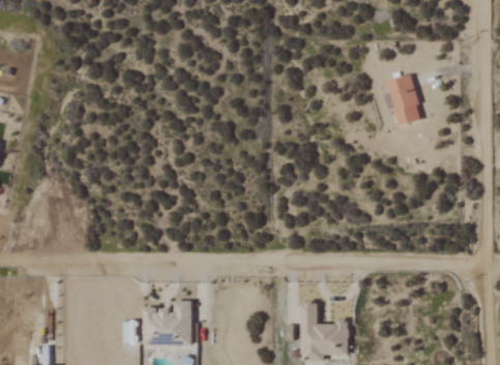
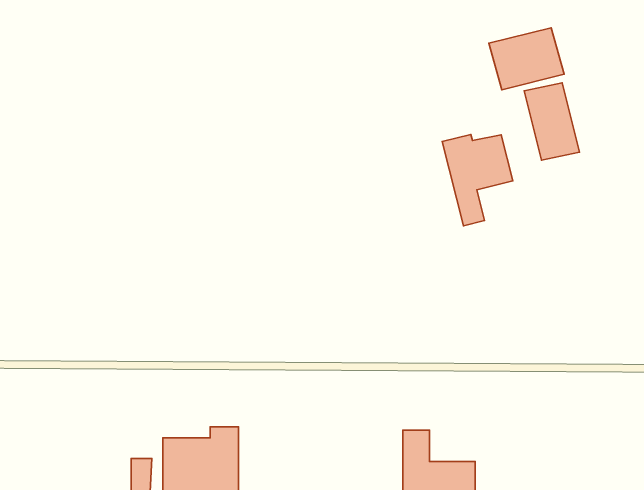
building: none -> [489,28,564,90]
building: none -> [442,134,513,226]

